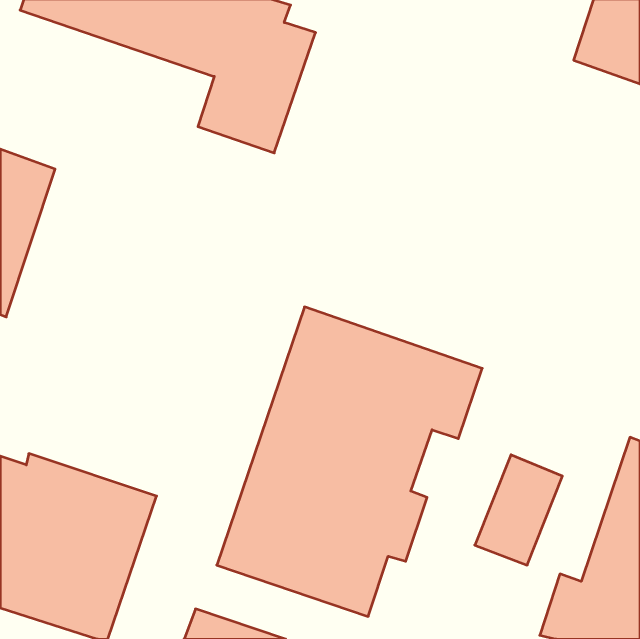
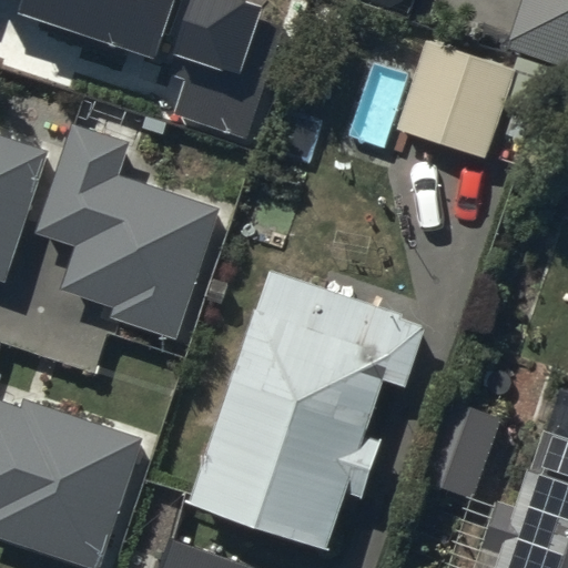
building: none -> [398,51,511,165]
building: none -> [38,125,219,336]

